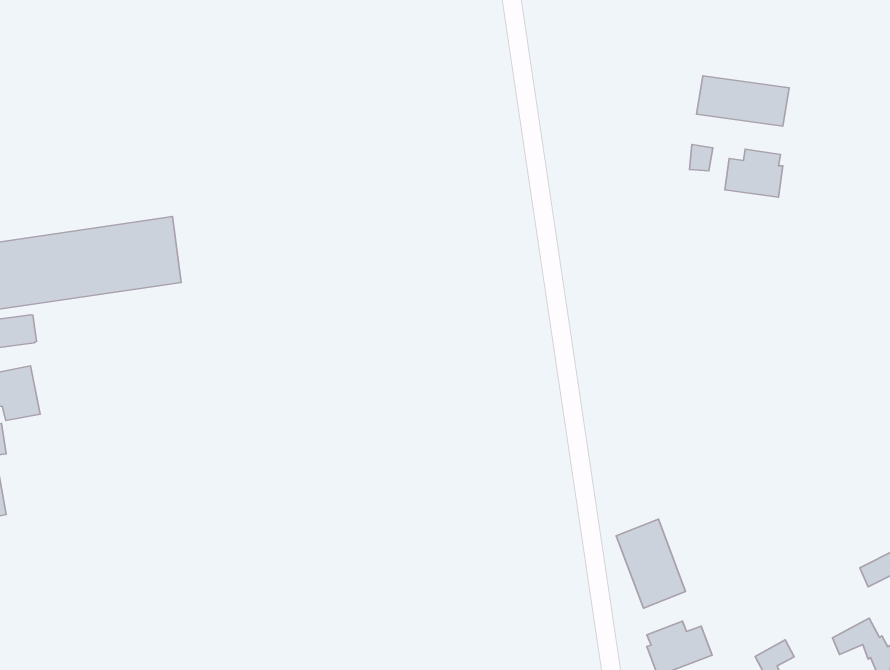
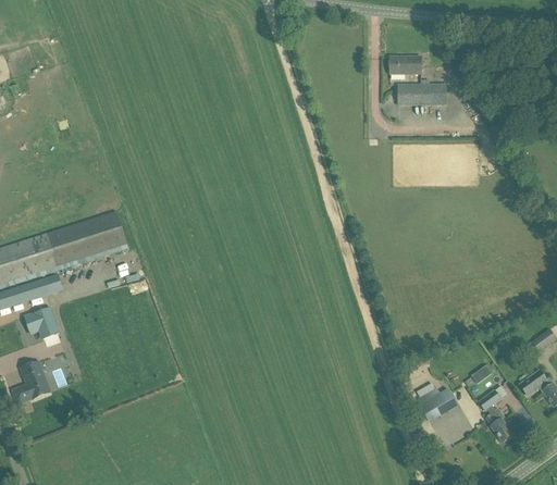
building: none -> [389,55,420,74]
building: [725,149,783,197] -> none
building: [616,519,686,608] -> none

